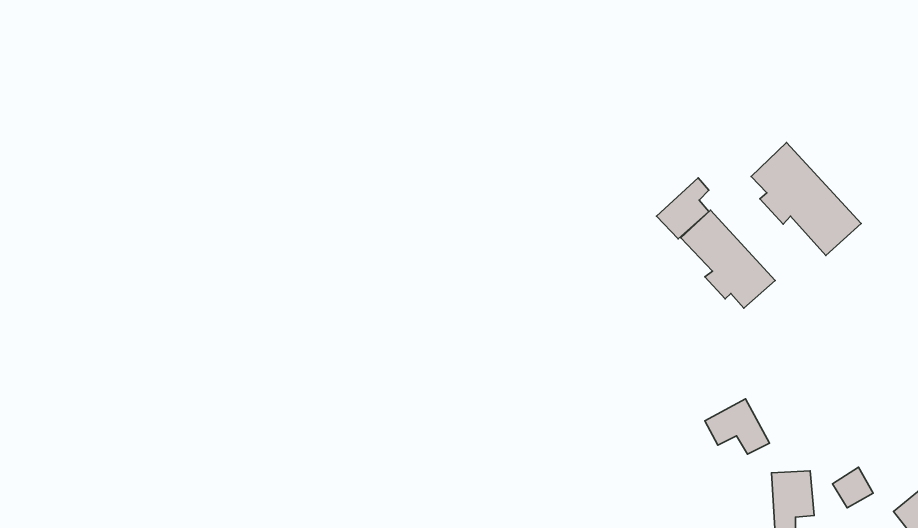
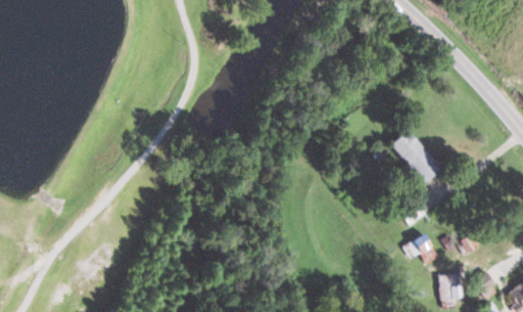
building: [751,142,861,255] -> none
building: [657,178,709,239] -> none

